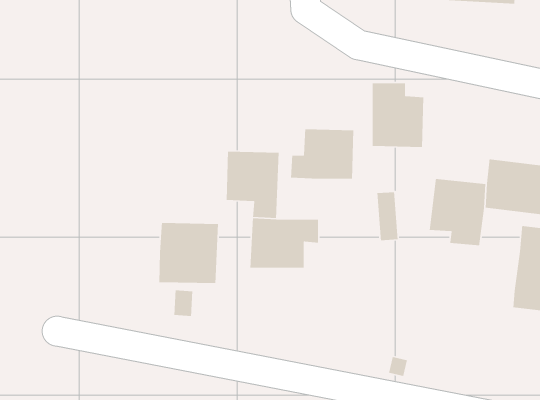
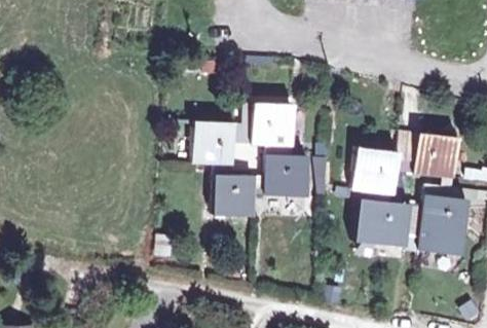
building: [372,83,424,148] -> [268,147,309,198]
building: [158,222,219,284] -> none
building: none -> [354,194,425,244]

